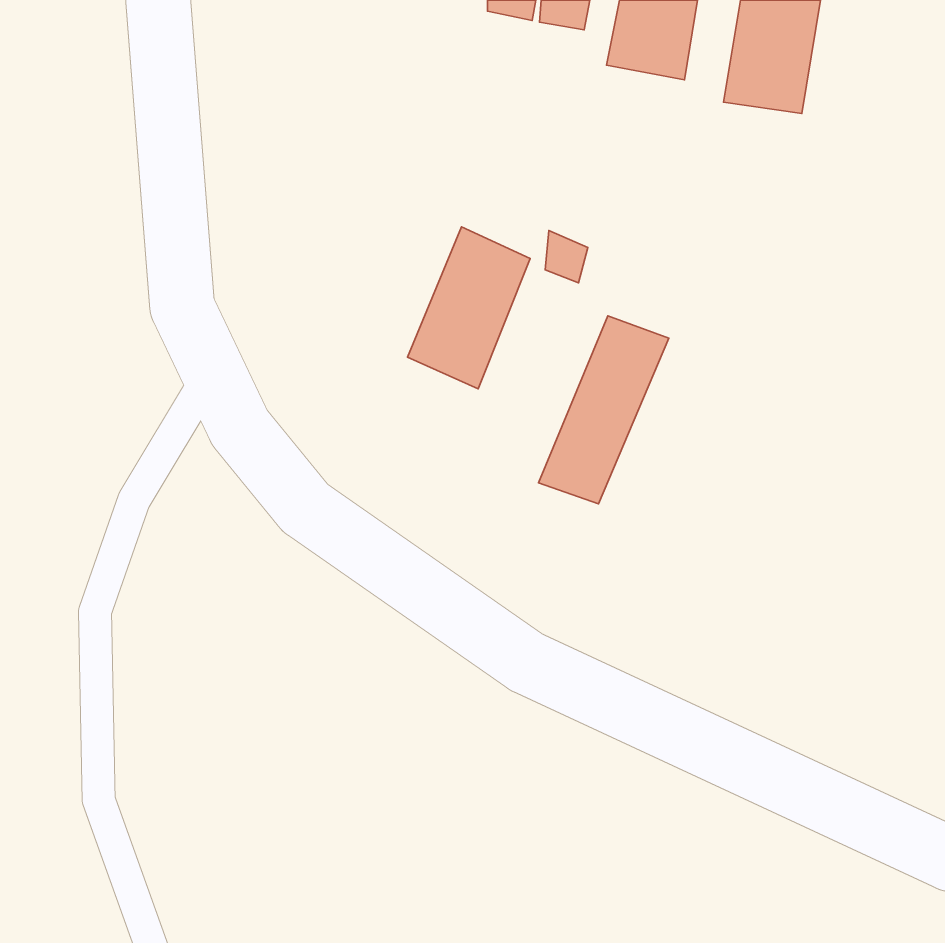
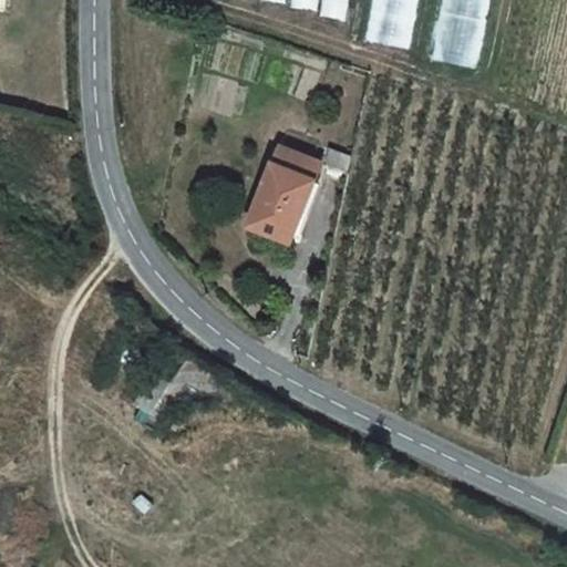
building: [539,316,669,504] -> none

